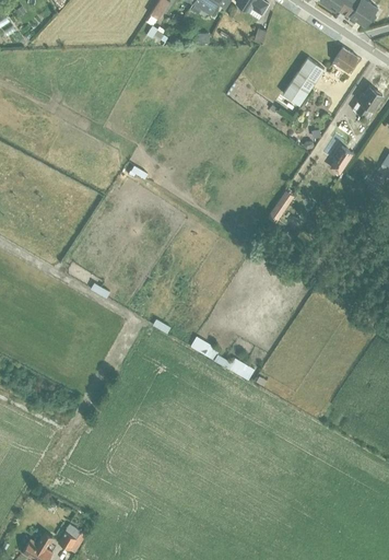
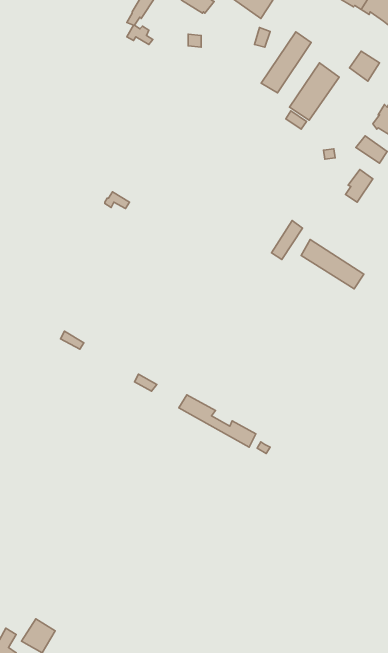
building: none -> [261,32,311,93]
building: none -> [301,240,364,289]

